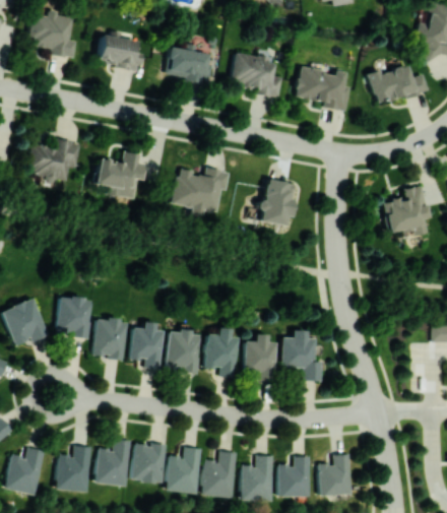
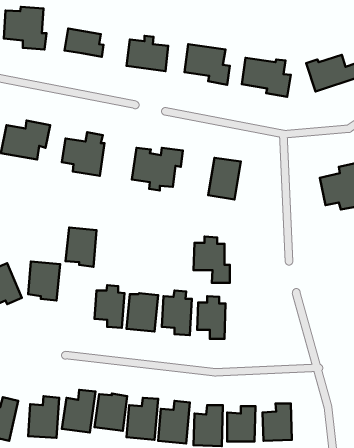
building: [92,317,127,361] -> [65,228,96,267]
building: [281,329,322,381] -> [194,237,230,283]

